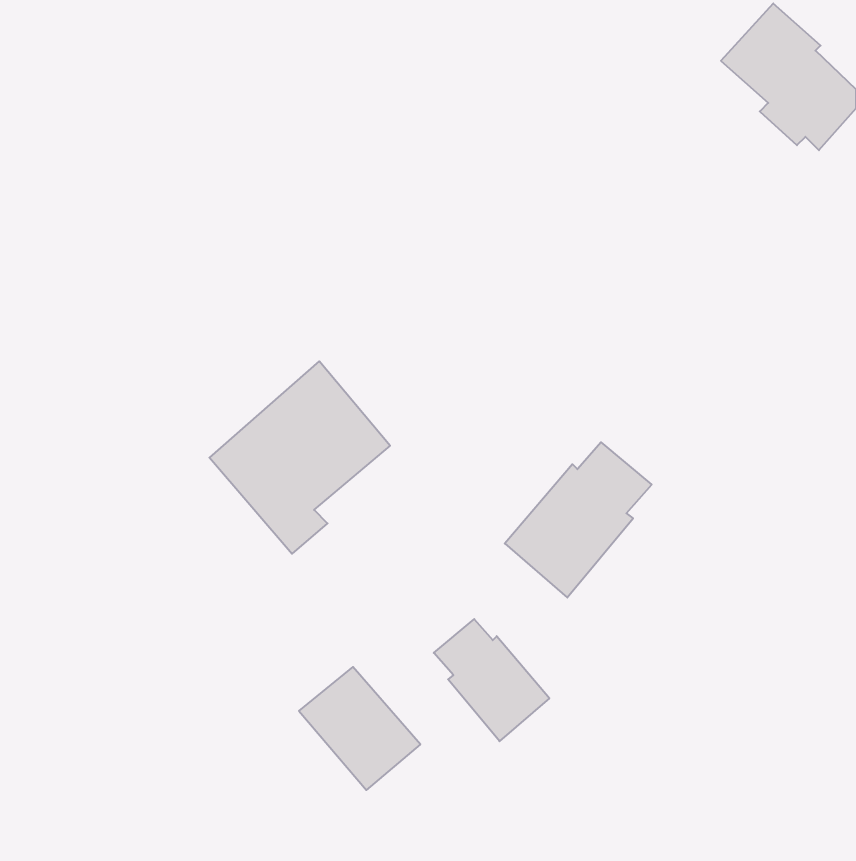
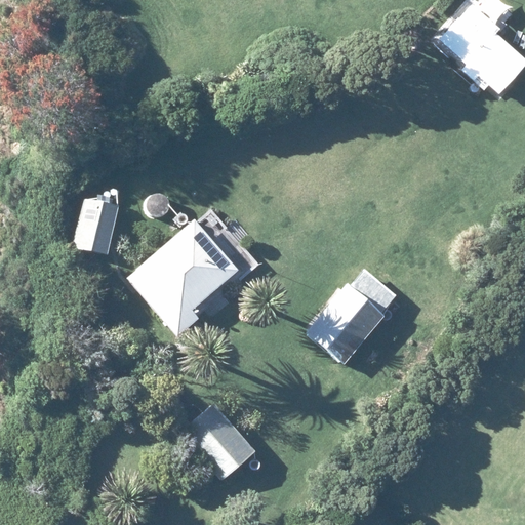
building: none -> [76,198,118,253]
building: [434,619,549,741] -> none

